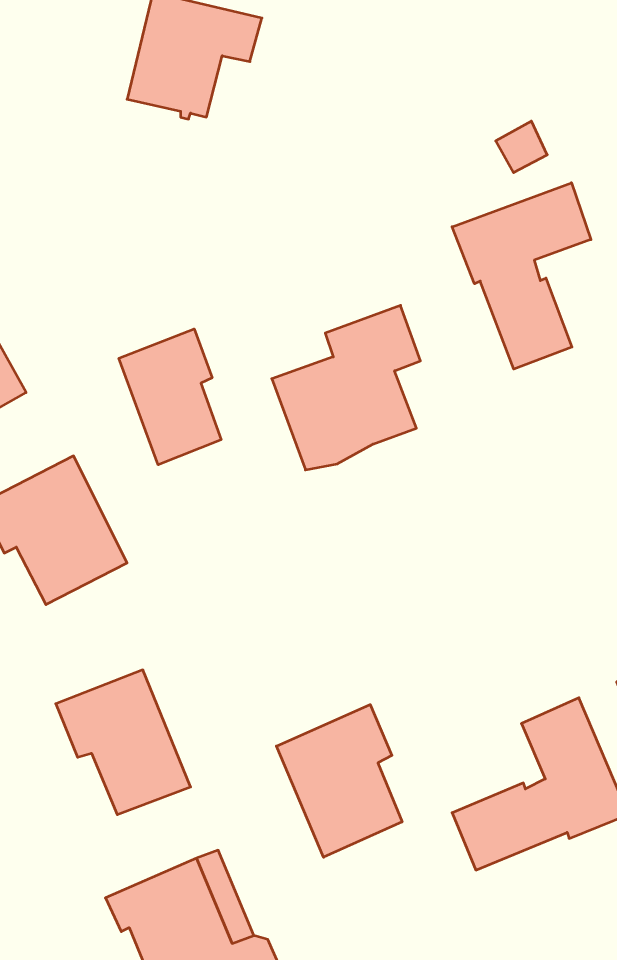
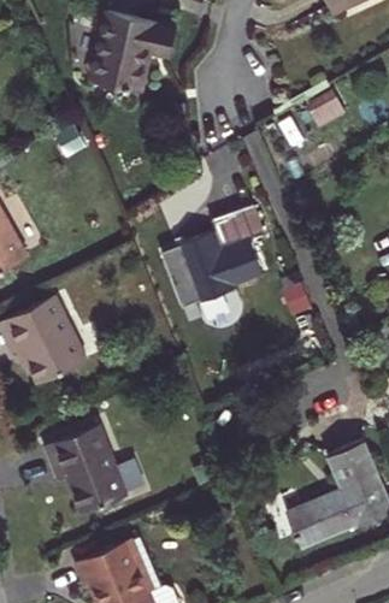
building: [452,183,591,369] -> none
building: [119,329,221,465] -> none
building: [276,705,402,857] -> none

